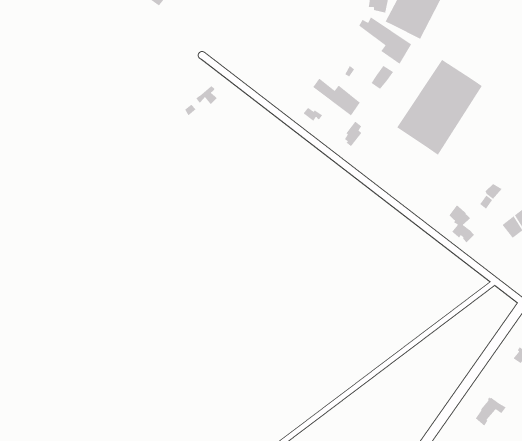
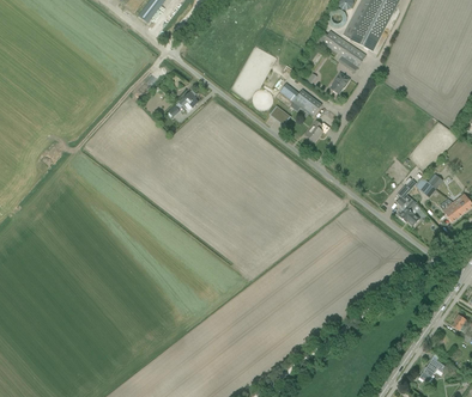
building: [396,59,483,156] -> none

